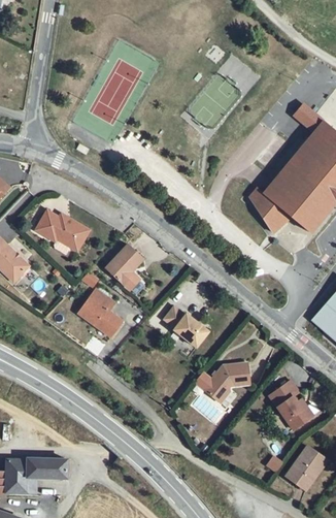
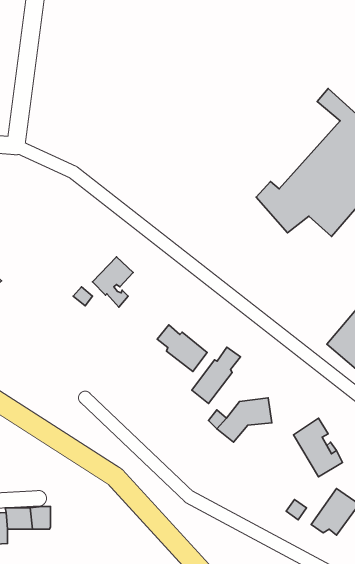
building: [34,208,88,254] -> none
building: [71,288,113,332] -> none
building: none -> [192,347,240,403]

